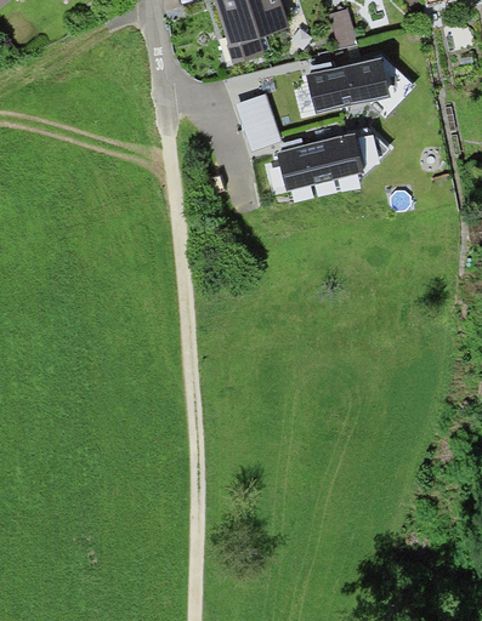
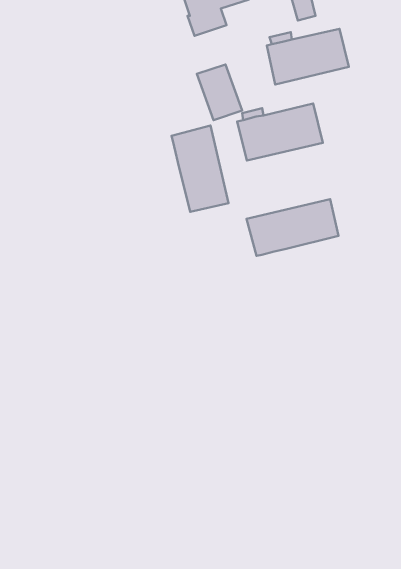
building: none -> [172,126,229,212]
building: none -> [247,199,338,256]

